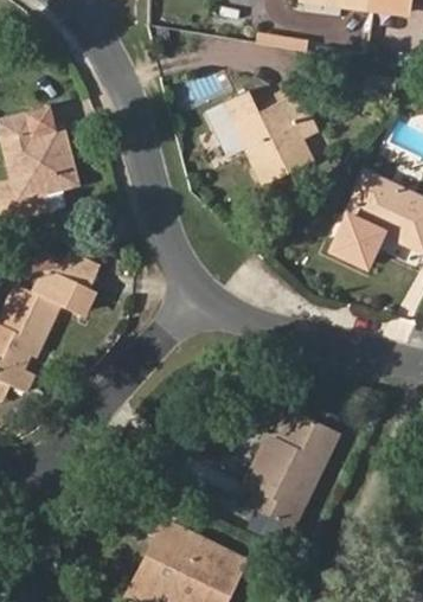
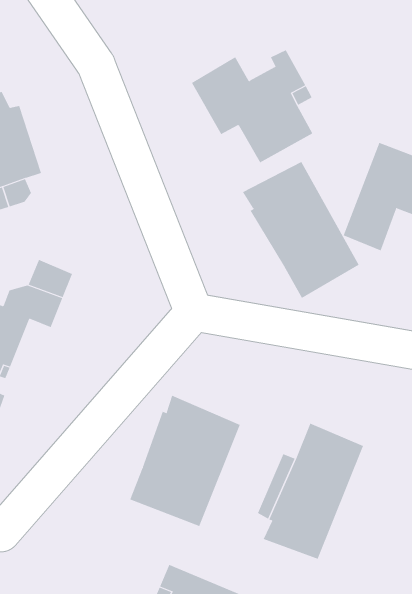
building: none -> [242,161,360,299]
building: none -> [130,395,241,527]

